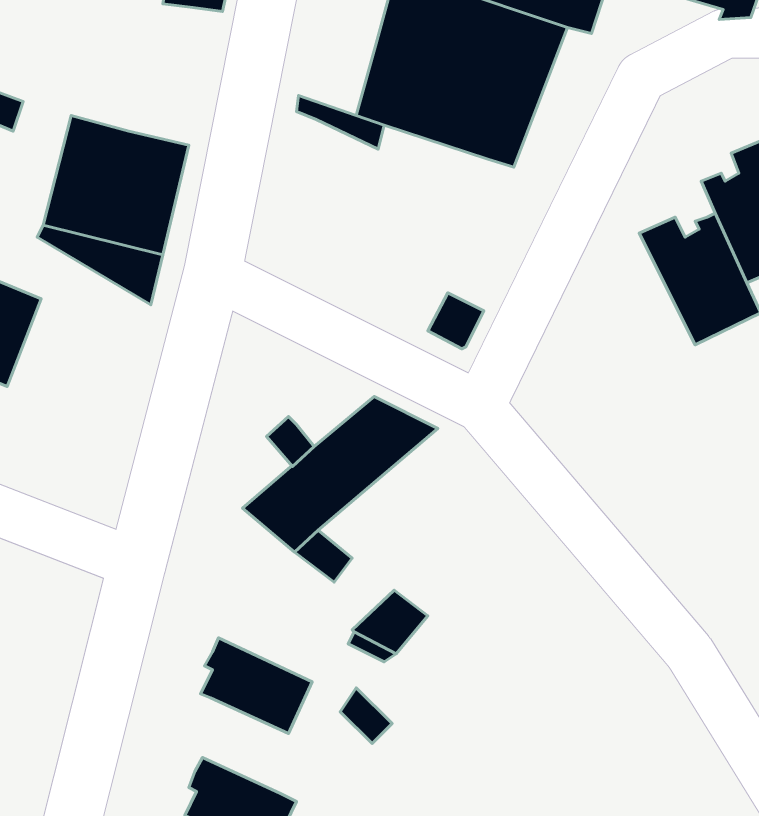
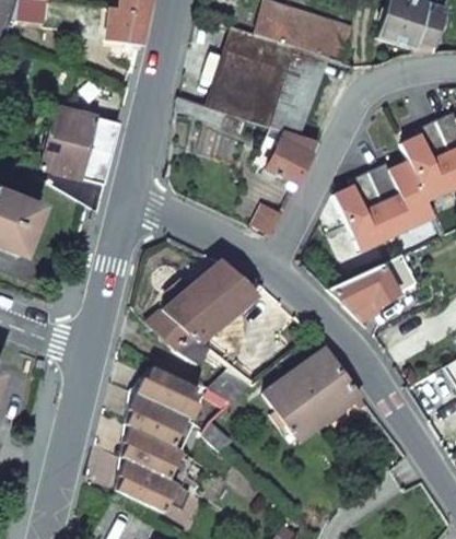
building: none -> [262,130,319,184]
building: none -> [335,171,398,249]
building: none -> [328,254,421,319]
building: none -> [265,347,361,440]
building: none -> [137,365,202,417]
building: none -> [122,425,184,478]

